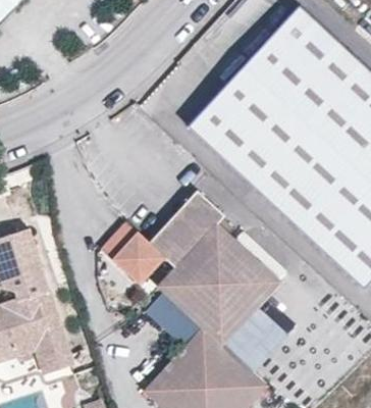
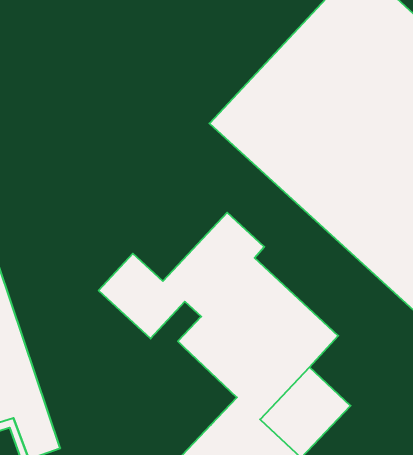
building: [146,290,205,348] -> none

